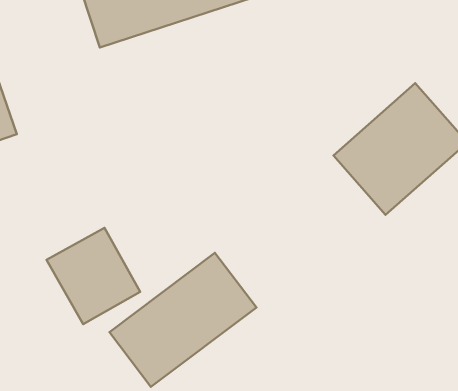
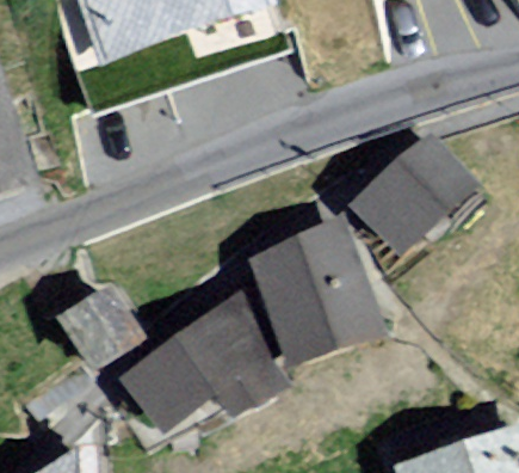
building: none -> [249,227,383,371]

